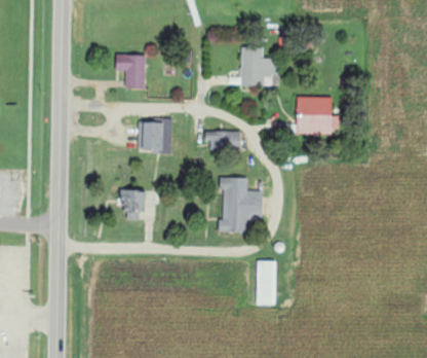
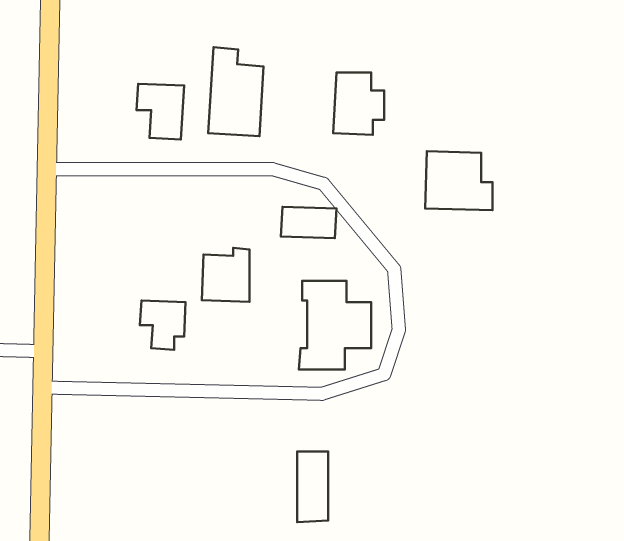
building: none -> [208,47,263,136]
building: [141,117,170,151] -> [202,248,250,302]
building: [256,260,275,305] -> [297,452,328,522]

